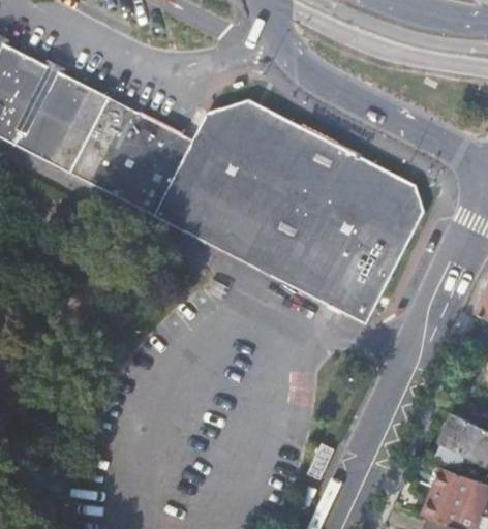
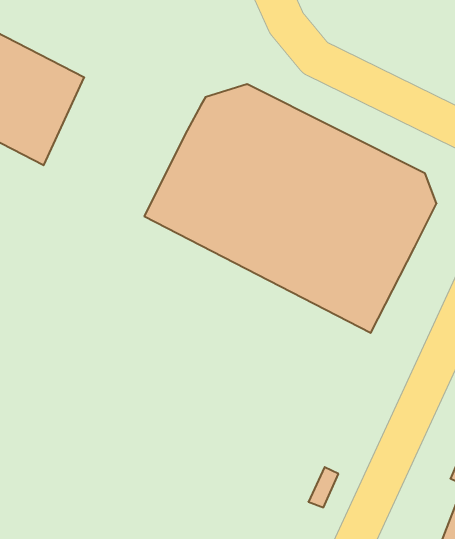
building: [71,96,200,220] -> none

